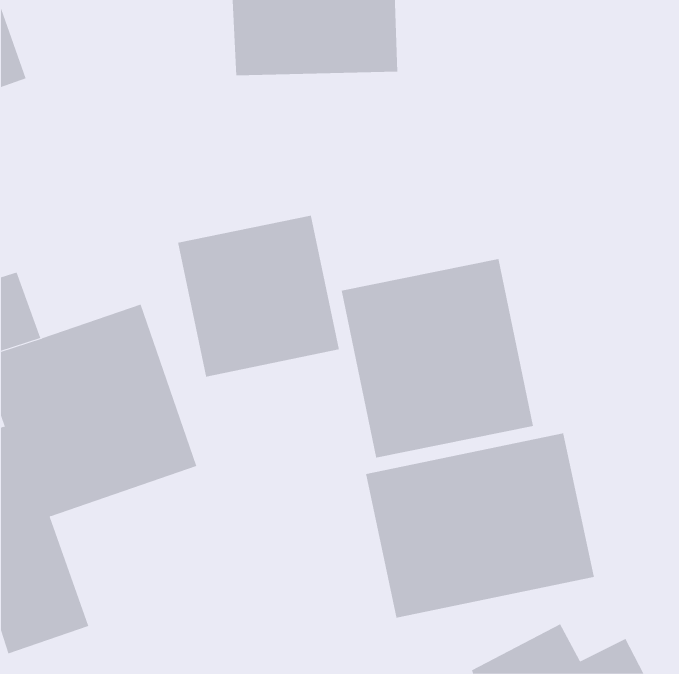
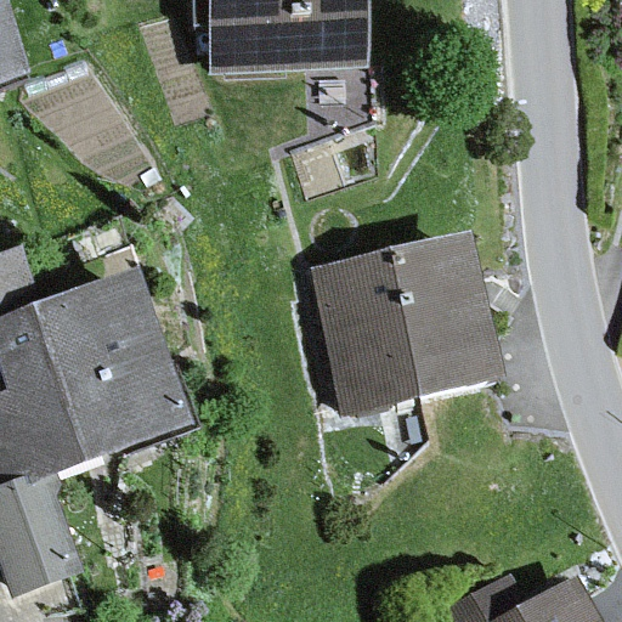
building: [177,215,340,377] -> none
building: [366,433,594,618] -> none

